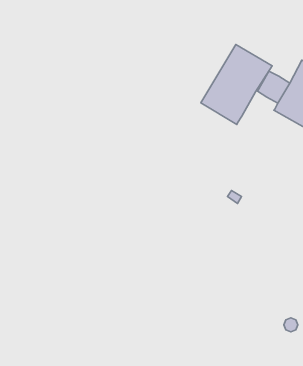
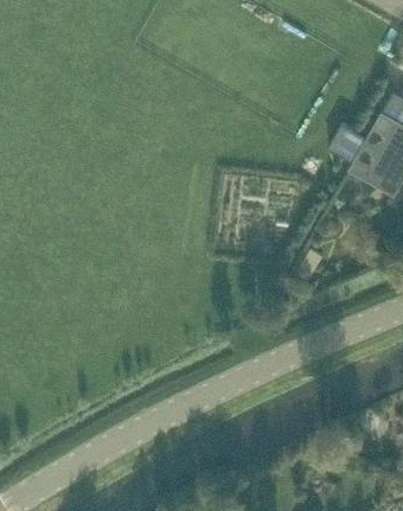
building: [201,44,272,124] -> none

